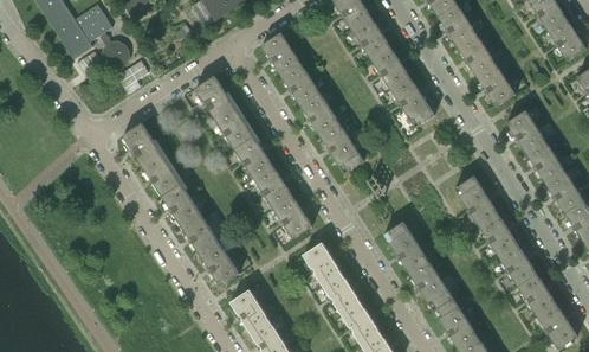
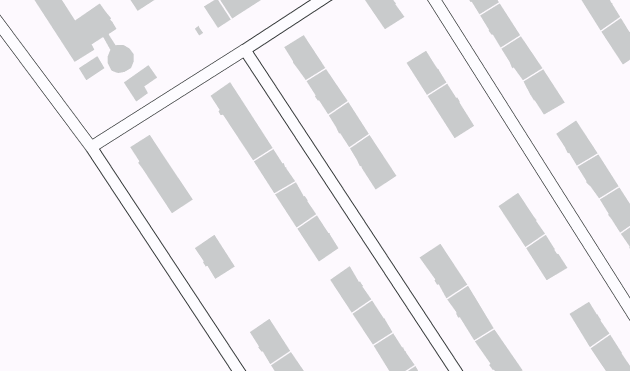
building: [352,17,390,58] -> none
building: [161,181,200,225] -> none
building: [200,242,239,286] -> none
building: [498,243,537,284] -> none

